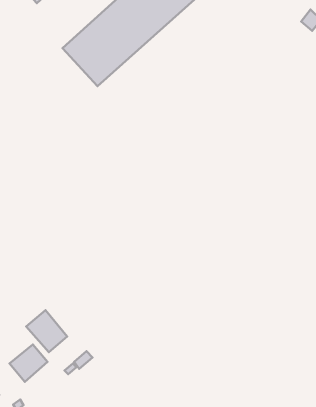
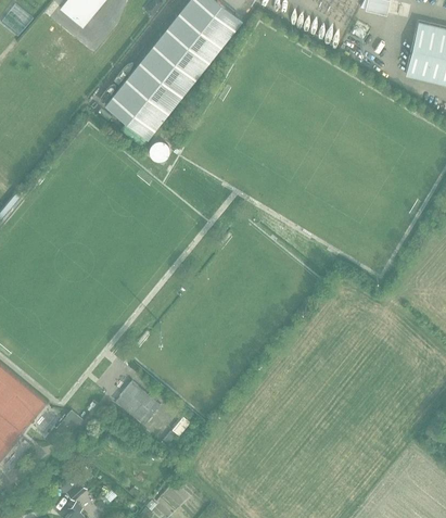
building: [9,344,47,382] -> none

